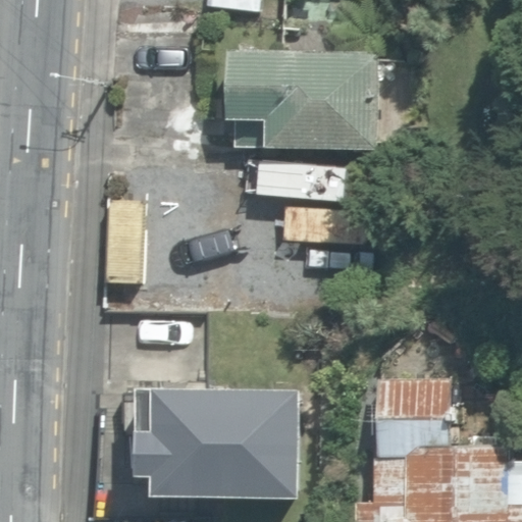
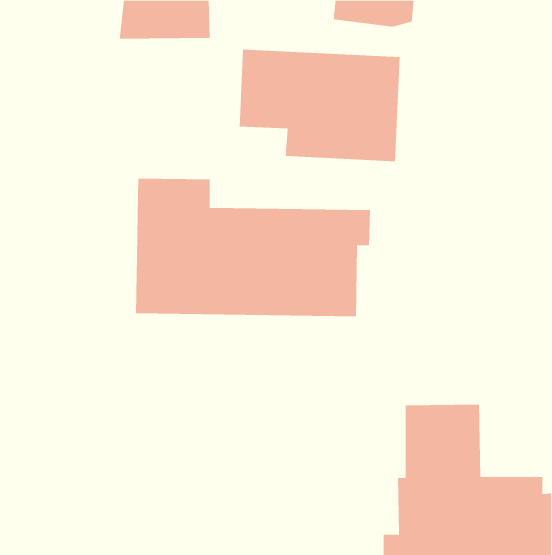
building: [137,386,300,501] -> none

